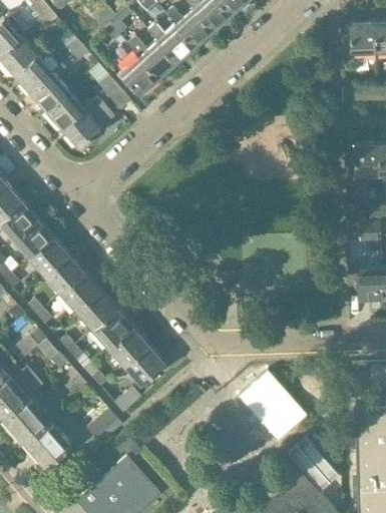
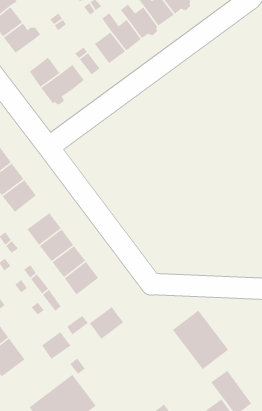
building: [30,73,68,111] -> none
building: [44,254,84,295] -> none
building: [123,345,164,385] -> [89,306,124,340]

